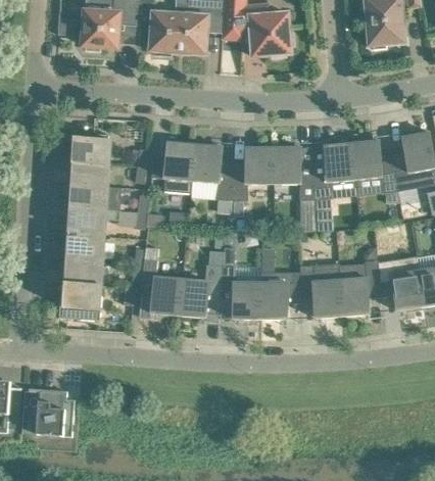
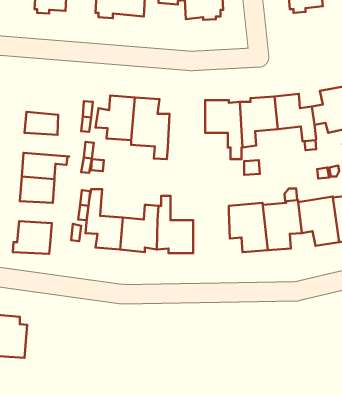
building: [72,133,110,163] -> none
building: [231,147,273,200] -> none
building: [69,184,122,210] -> none
building: [64,260,102,285] -> none
building: [259,271,300,319] -> none

